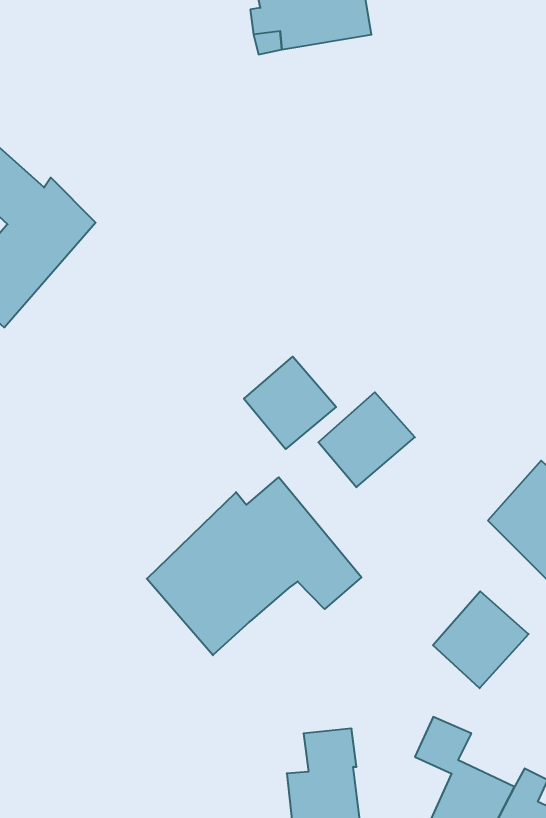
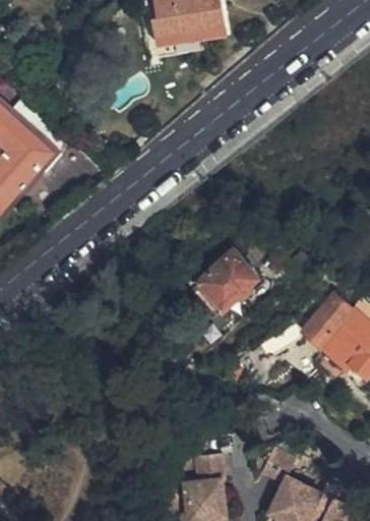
building: [244,357,336,449] -> none
building: [147,477,361,655] -> none
building: [433,591,529,688] -> none

